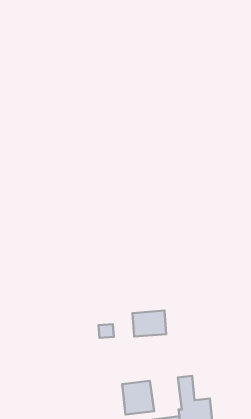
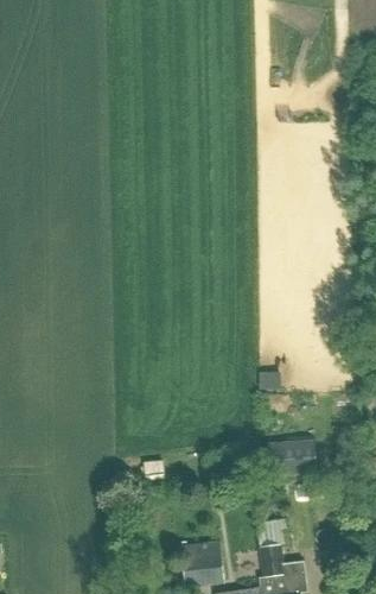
building: [132,310,166,337] -> [267,436,314,473]

